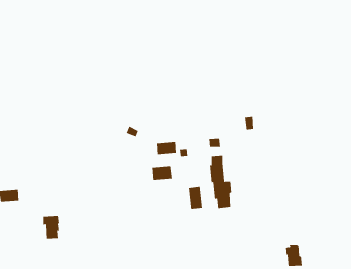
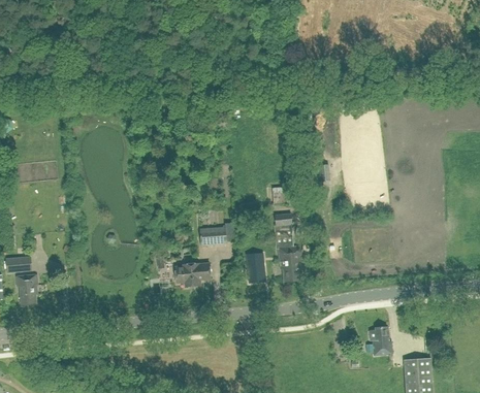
building: [156,141,177,155] -> none
building: none -> [174,262,210,286]
building: [43,216,60,239] -> [15,273,37,303]

